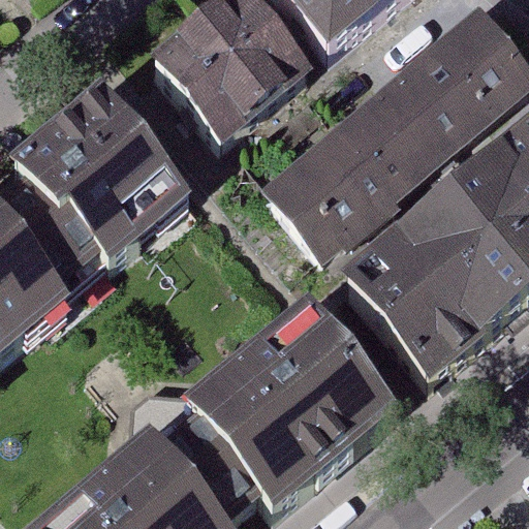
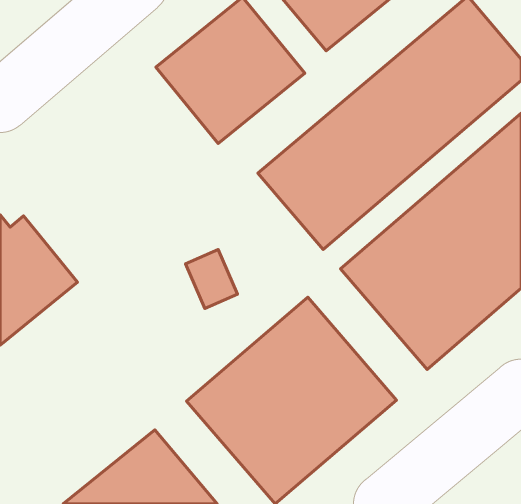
building: [15,94,191,261] -> none

